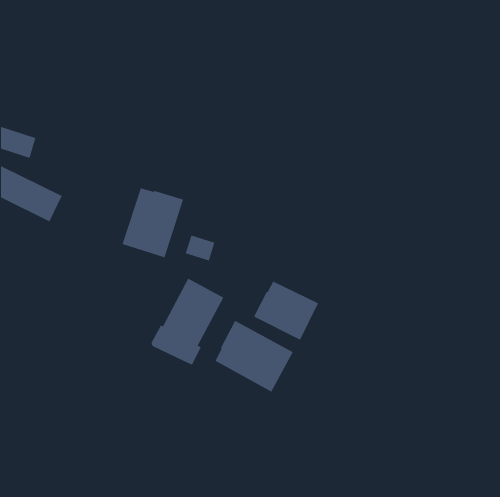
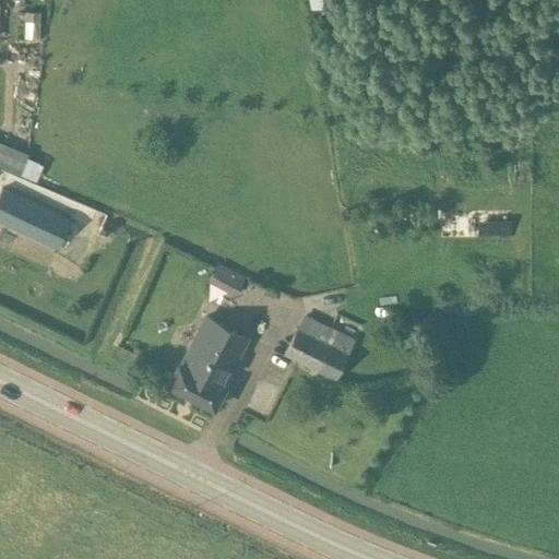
building: [122,188,184,258] -> none
building: [215,320,293,392] -> none

